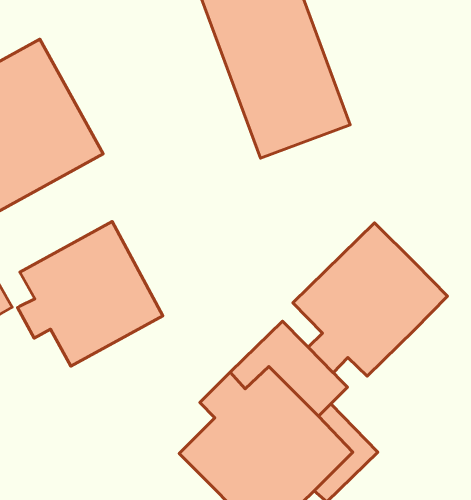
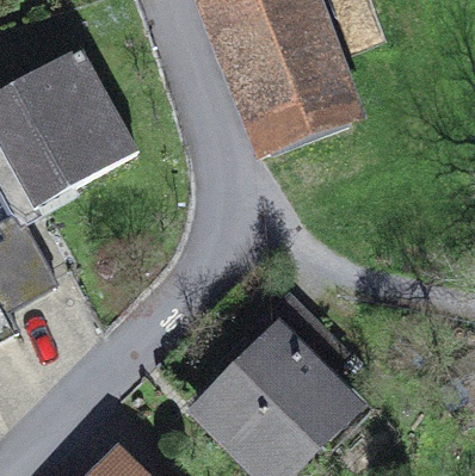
building: [18,222,163,366] -> none
building: [293,223,448,376] -> none

